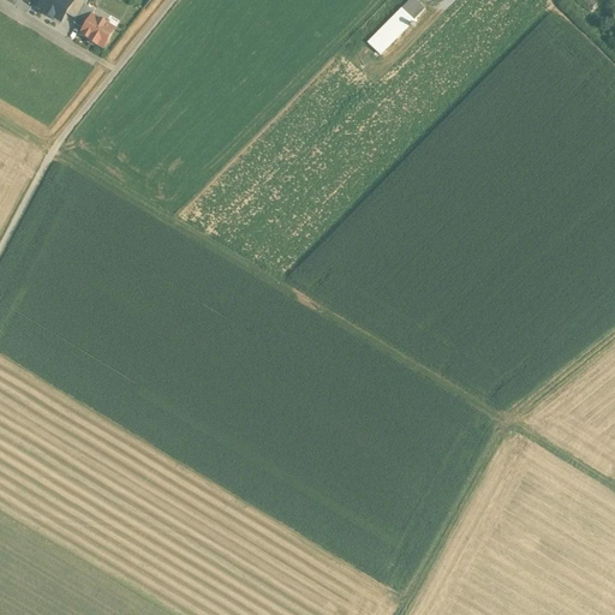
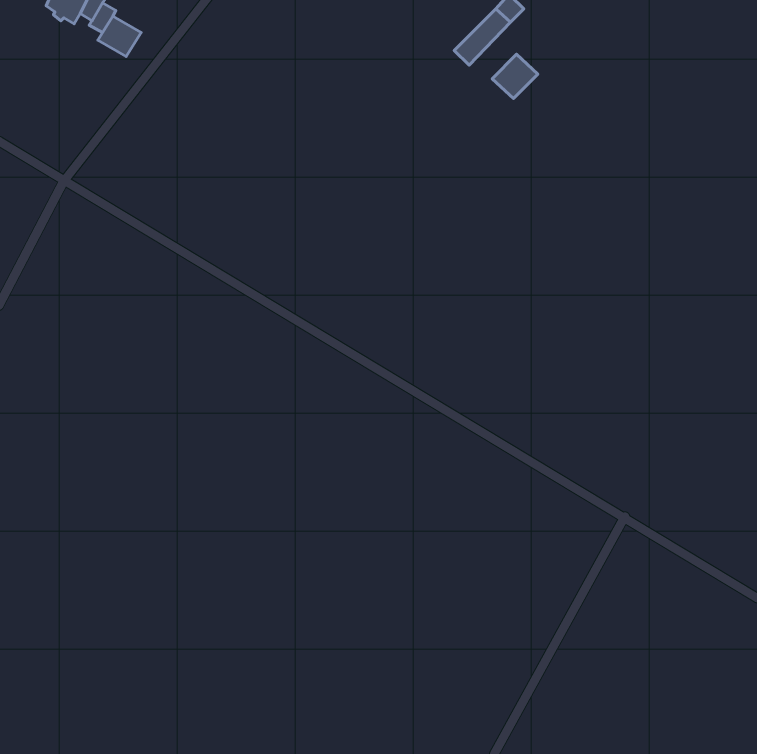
building: none -> [492,54,538,99]

